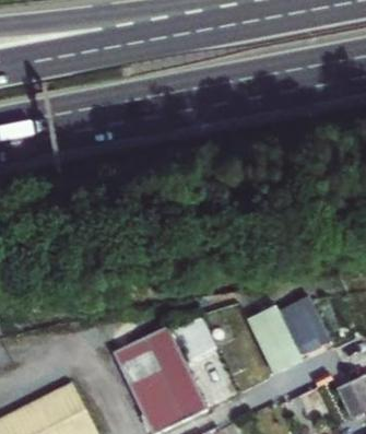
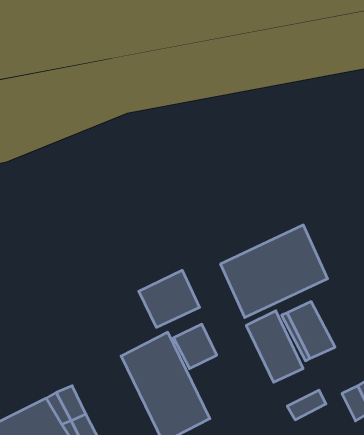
building: none -> [221,225,328,318]
building: none -> [139,270,200,327]

